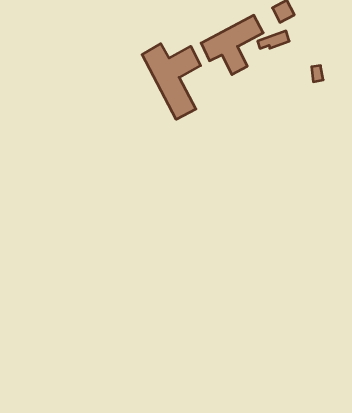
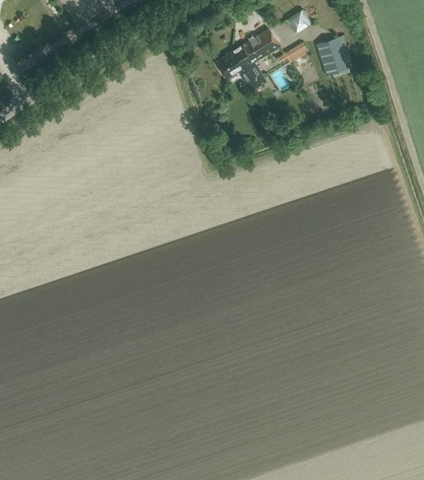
building: none -> [317,37,349,75]
building: [142,44,201,119] -> none

